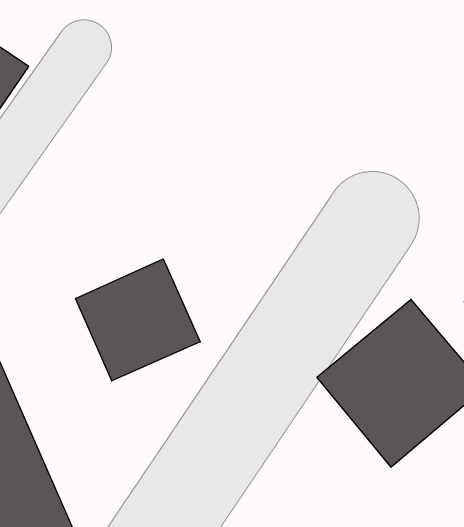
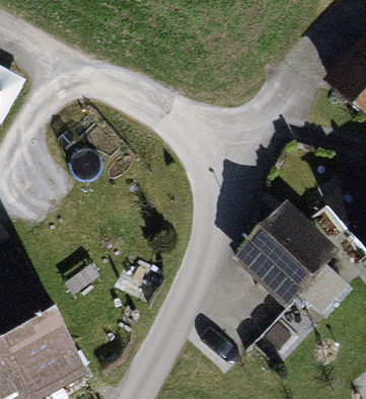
building: [76,259,200,381] -> none

